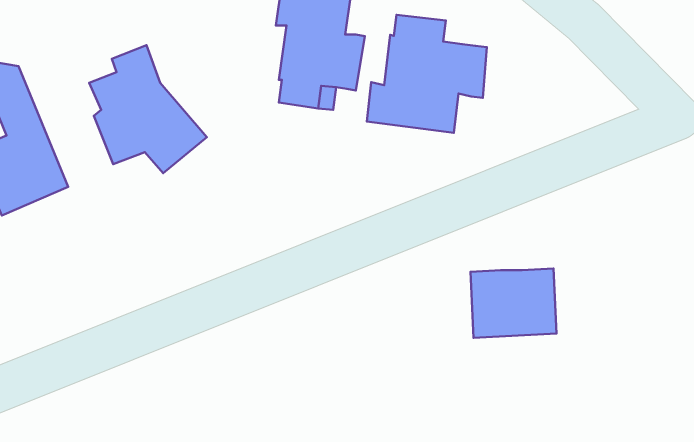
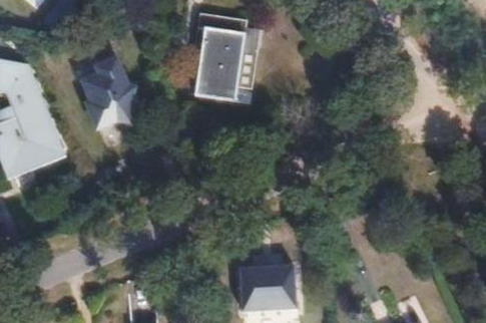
building: [367,15,487,133] -> none
building: [471,269,556,338] -> [241,265,299,311]

